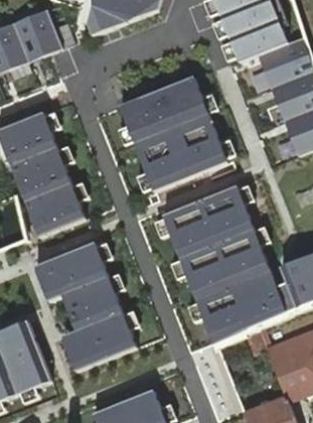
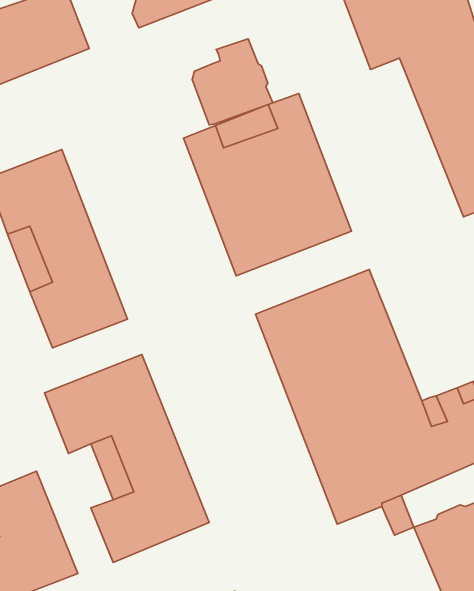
building: none -> [192,39,273,125]

